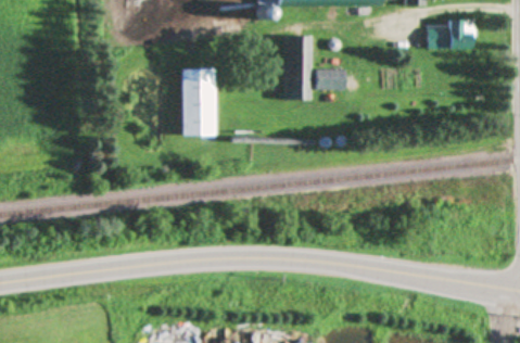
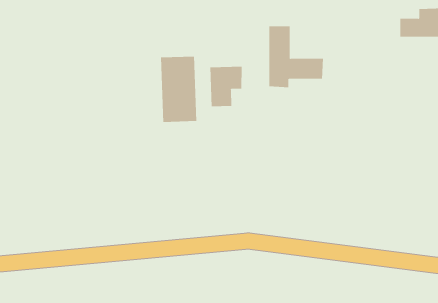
building: none -> [210,66,242,107]

